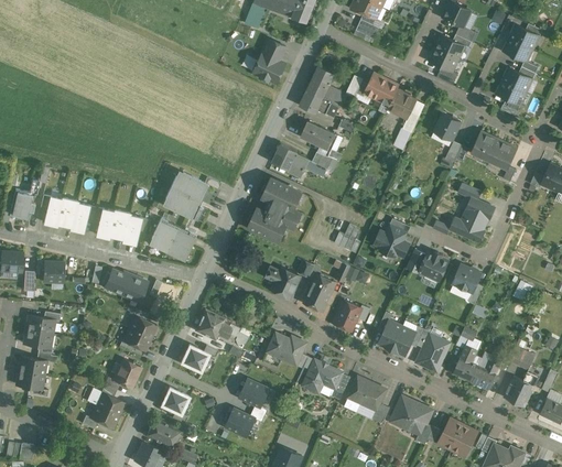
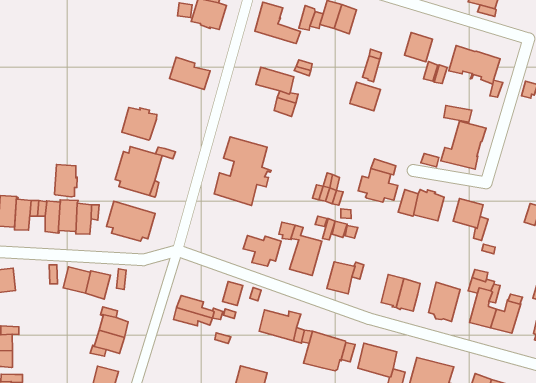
building: [300,90,338,118] -> none
building: [387,90,415,118] -> [350,82,381,111]
building: none -> [122,108,157,140]
building: [272,144,309,176] -> [169,57,210,89]
building: none -> [55,164,77,197]
building: [179,341,212,372] -> none

